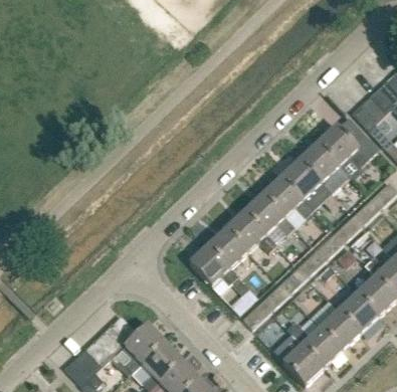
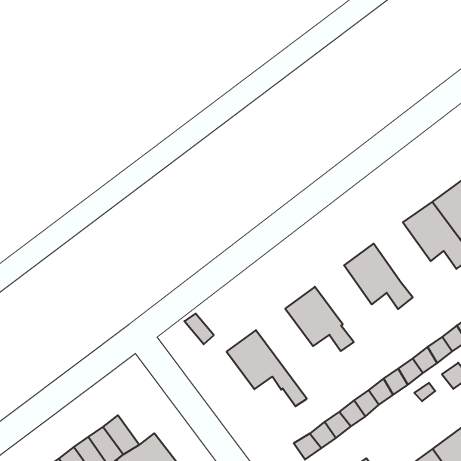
building: [281,158,331,200] -> none
building: [245,192,294,234] -> none
building: [209,226,249,266] -> none

